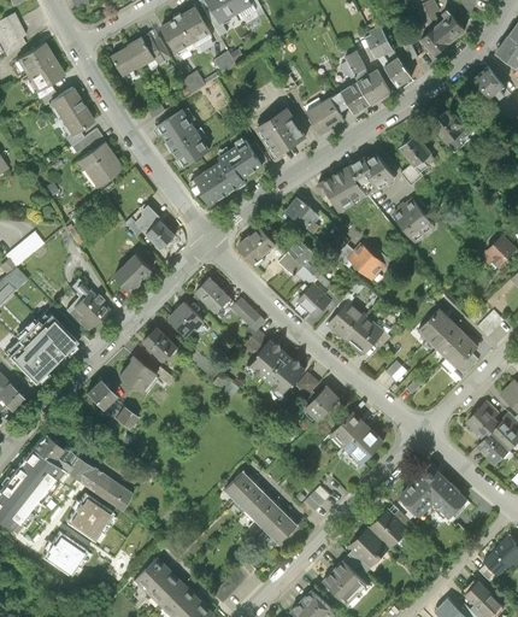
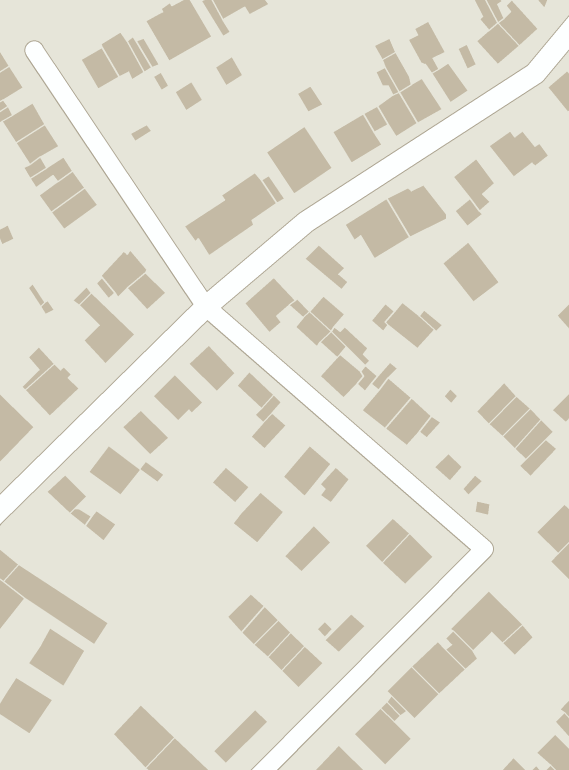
building: [158,112,210,169] -> none
building: [248,340,288,380] -> [233,492,284,543]
building: [305,384,341,421] -> [285,525,331,572]

